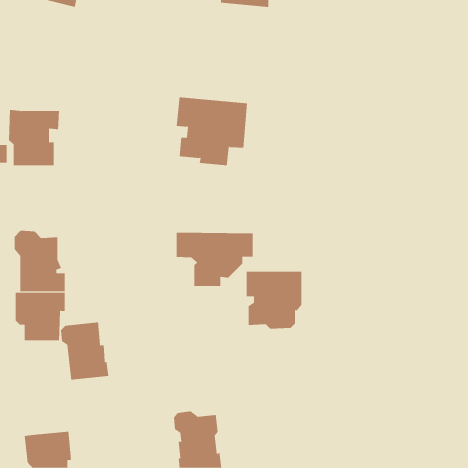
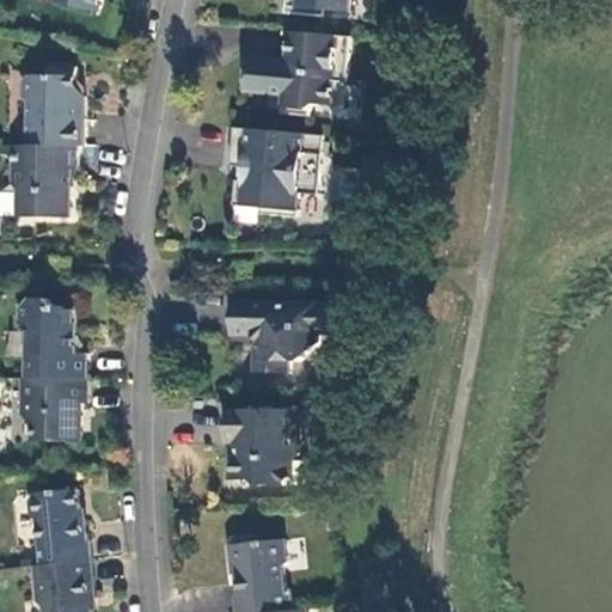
building: none -> [243,29,349,114]
building: none -> [22,65,84,143]
building: [246,271,302,329] -> [222,409,295,484]
building: [60,322,109,380] -> [26,489,90,564]

